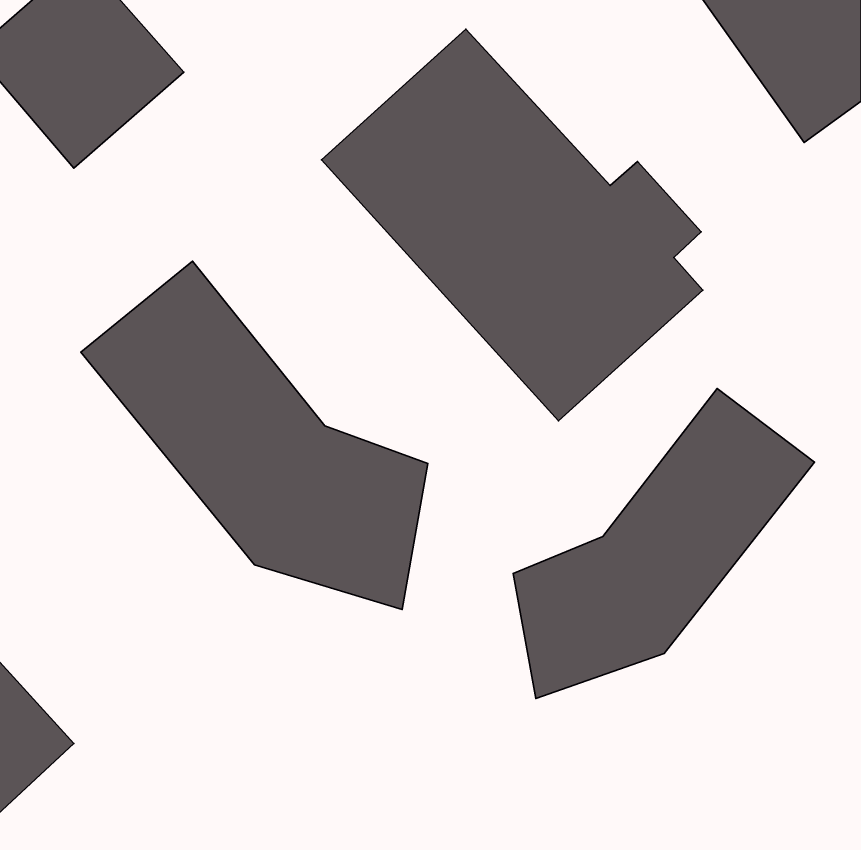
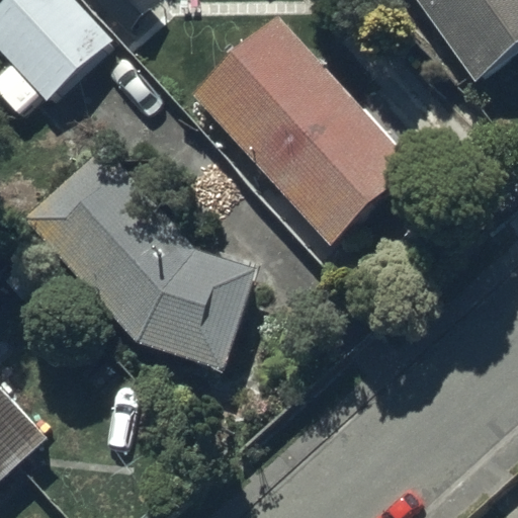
building: [513,388,815,699] -> none

